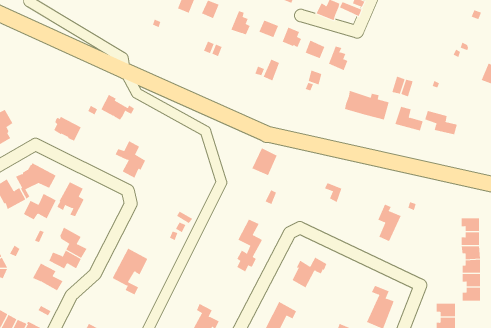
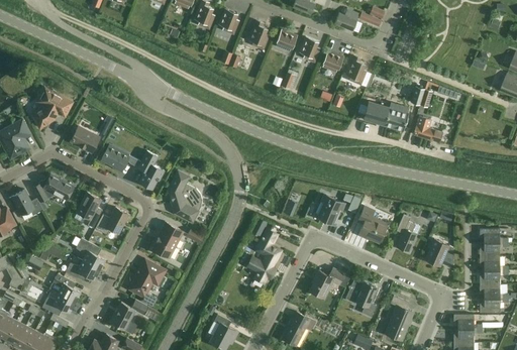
building: none -> [31,87,72,127]
building: [100,94,135,120] -> [101,144,135,170]
building: [425,110,457,135] -> none
building: [251,148,278,176] -> [316,195,342,223]
building: none -> [168,169,202,222]
building: [23,193,56,220] -> [95,207,128,234]
building: none -> [357,206,387,240]
building: none -> [152,221,184,257]
building: none -> [425,239,453,265]
building: none -> [345,277,377,317]
building: none -> [42,293,75,314]
building: none -> [110,299,148,330]

